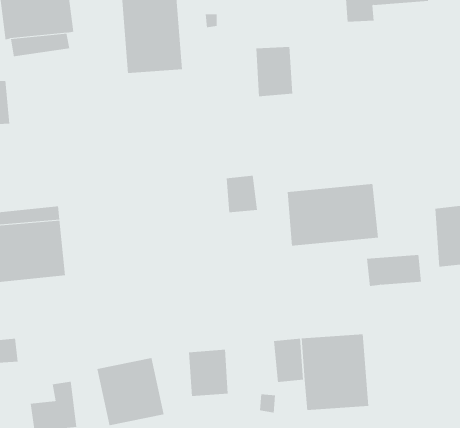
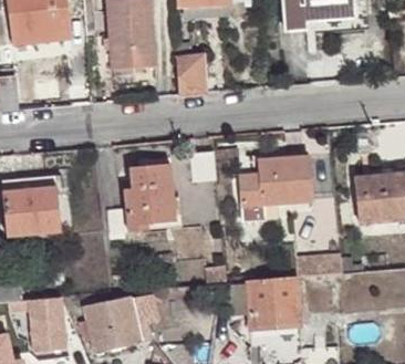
building: [256,47,293,97] -> [175,56,205,96]
building: none -> [124,160,177,230]
building: [366,254,422,286] -> [295,252,340,278]
building: none -> [29,297,65,333]

